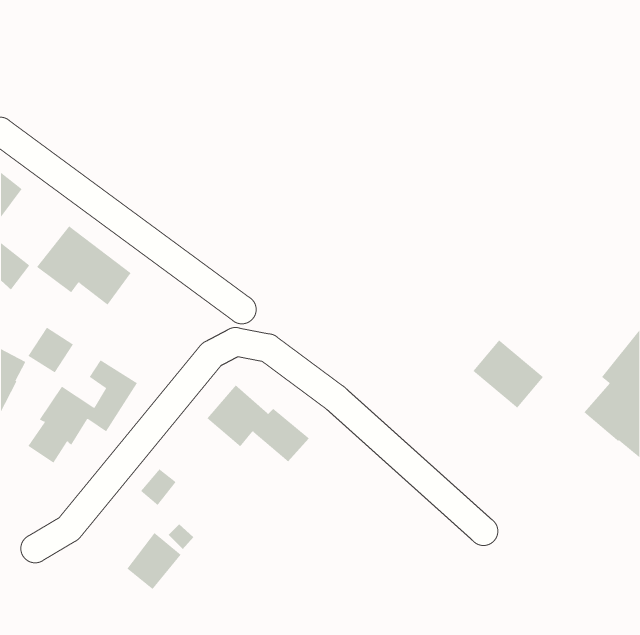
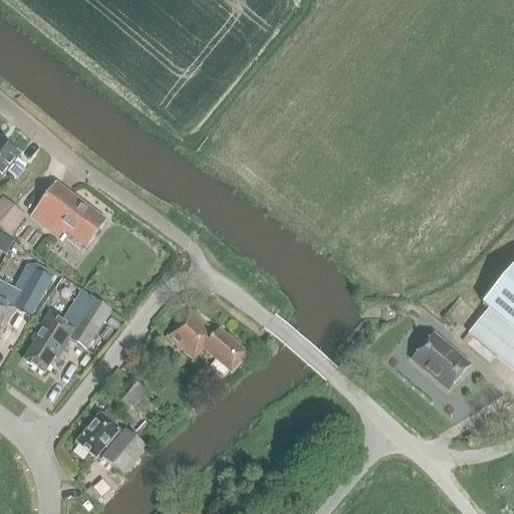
building: [473,340,544,408] -> [412,332,469,388]
building: none -> [76,411,119,456]

